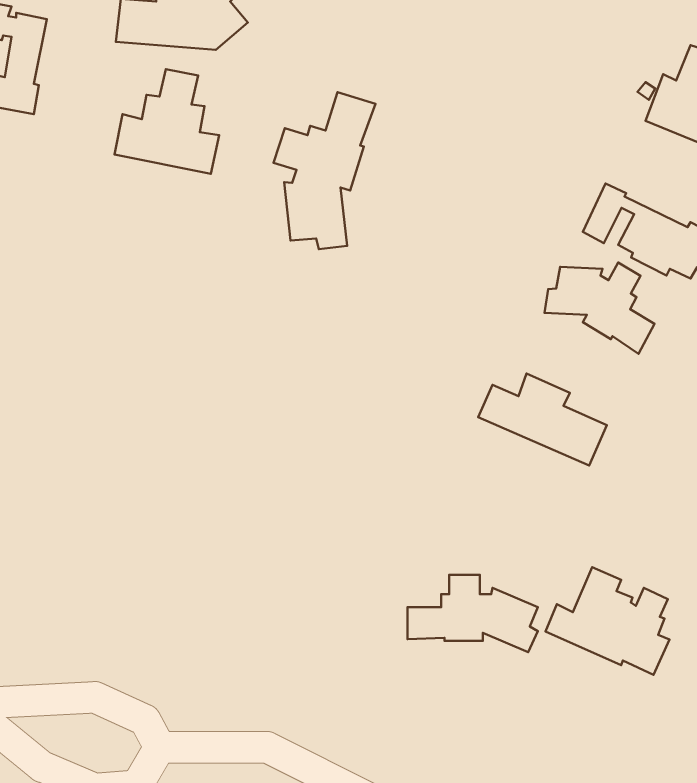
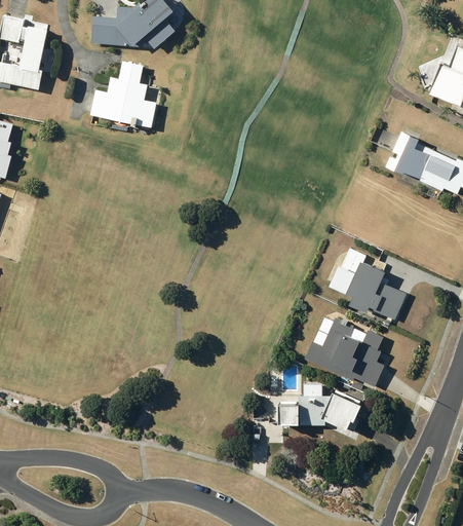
building: [274,92,375,249] -> none
building: [545,262,655,354] -> none
building: [546,567,669,675] -> [307,316,386,385]

